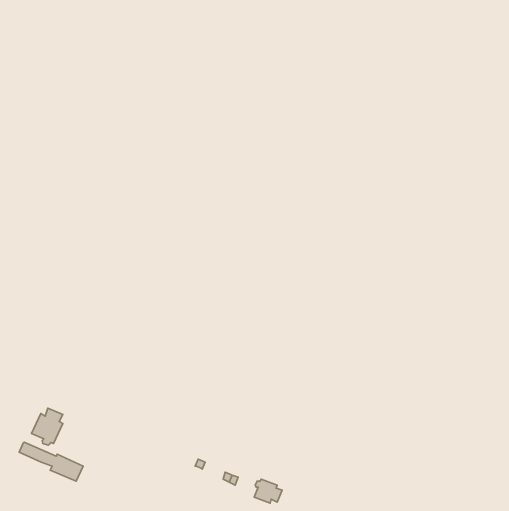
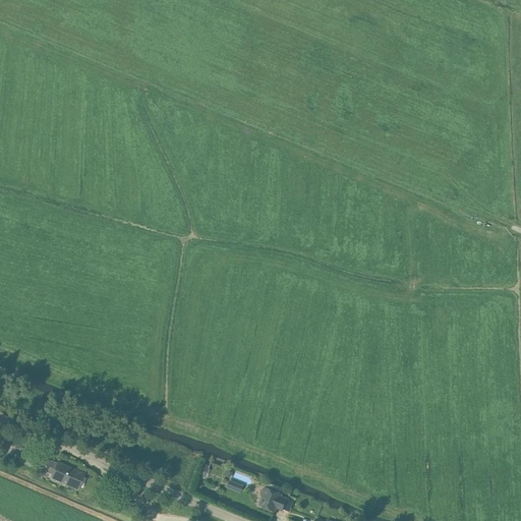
building: [32,408,63,445] -> none

